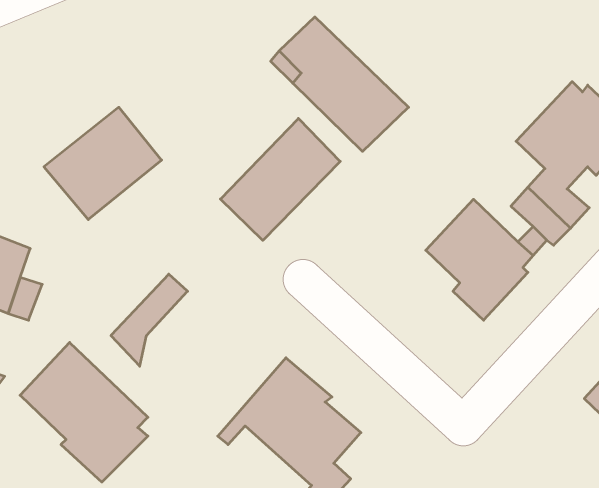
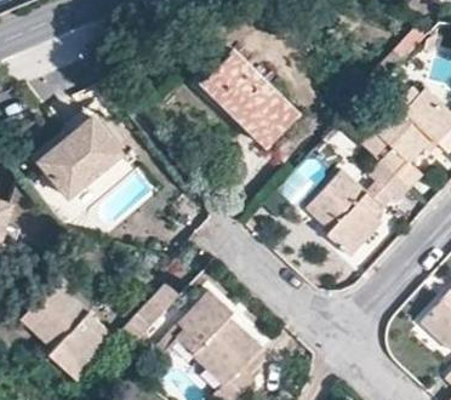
building: [220,118,340,240] -> none
building: [111,274,188,366] -> [119,286,173,352]

